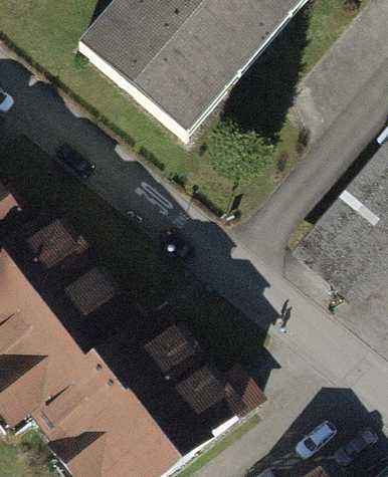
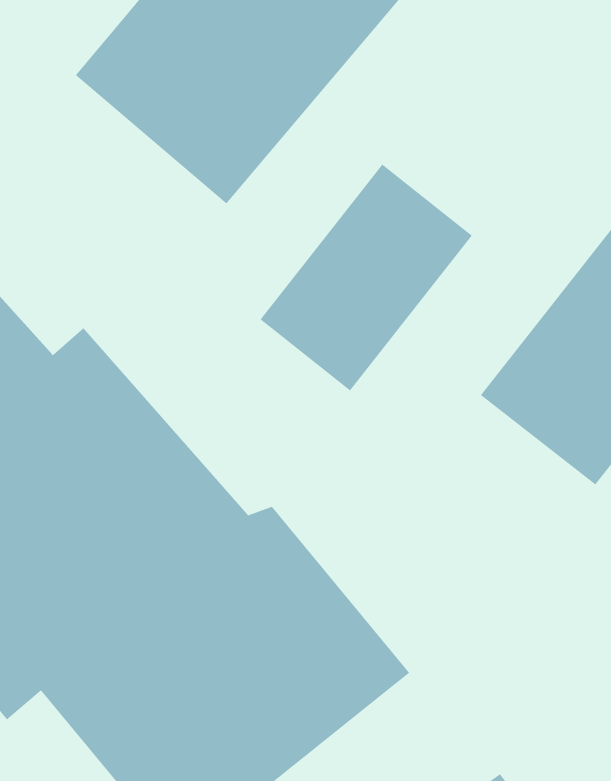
building: none -> [259,163,473,392]

